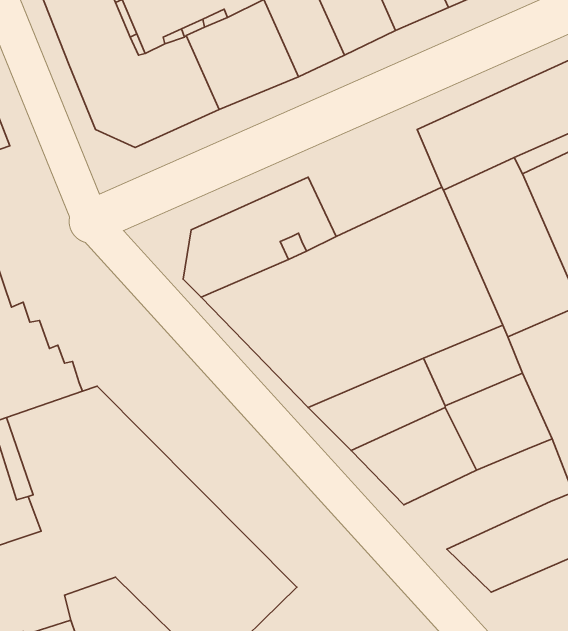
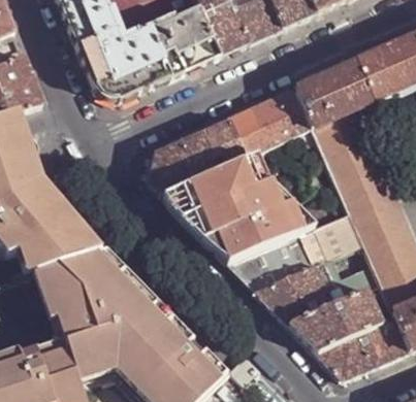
building: none -> [229,86,313,153]
building: none -> [301,208,363,259]
building: none -> [289,286,381,348]

